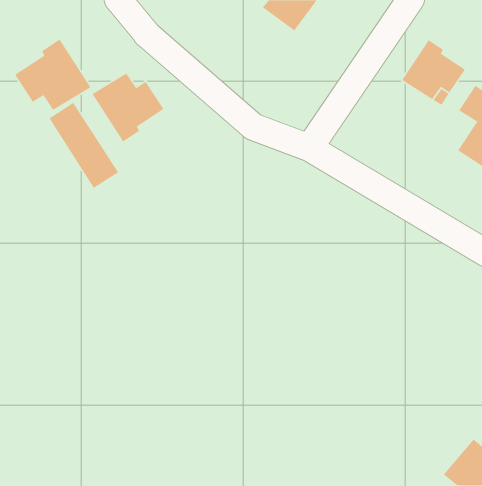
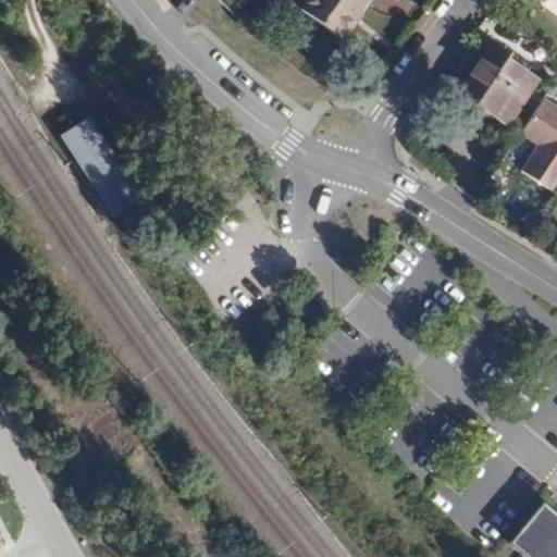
building: [14,39,91,111] -> none
building: [91,72,164,142] -> none

